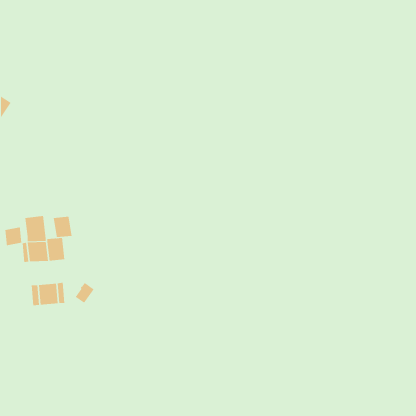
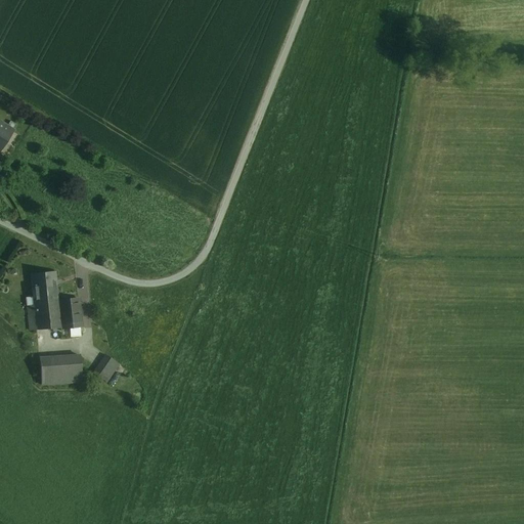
building: [53,216,72,238] -> none
building: [5,226,22,246] -> none

